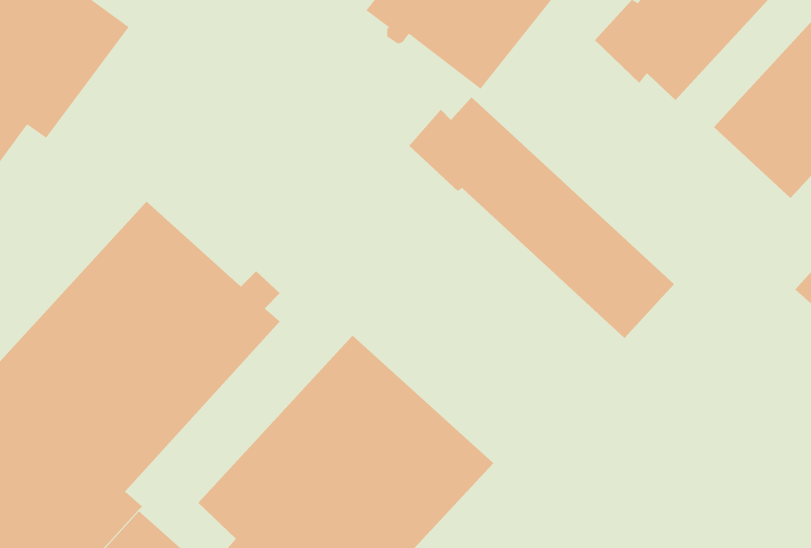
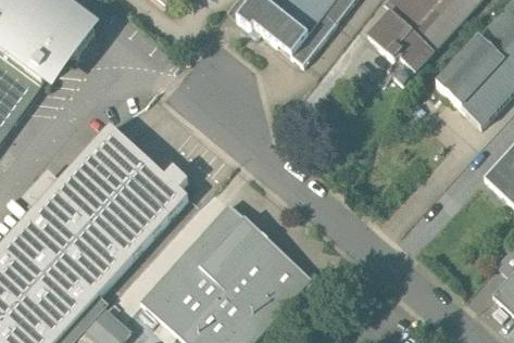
building: [409,97,675,339] -> none

